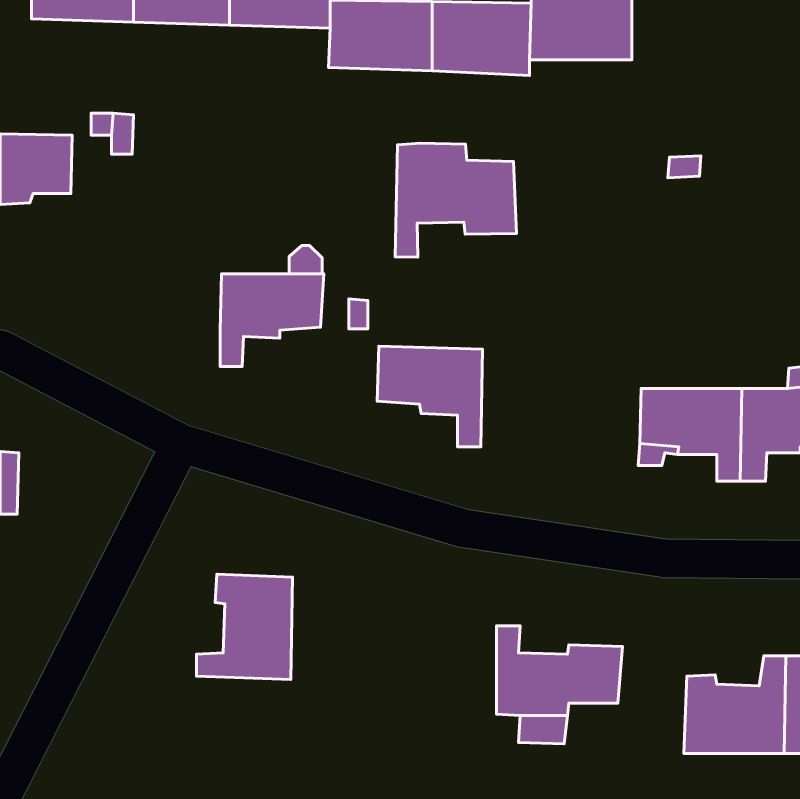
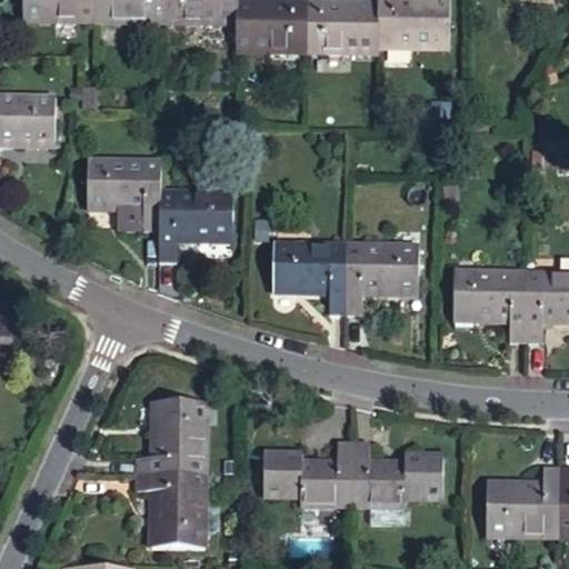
building: [395,143,517,257] -> none
building: none -> [86,167,159,233]
building: none -> [342,247,417,316]
building: none -> [264,441,353,505]
building: none -> [141,478,208,550]

